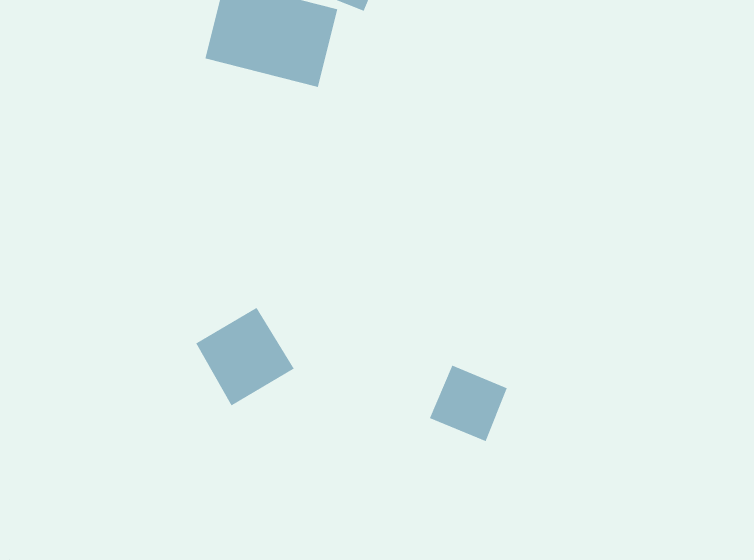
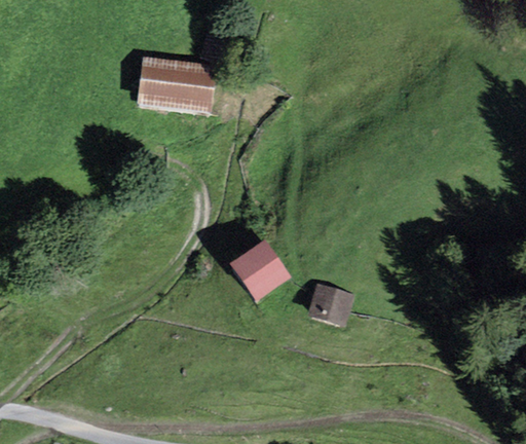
building: [195,307,295,407] -> [228,239,293,304]

